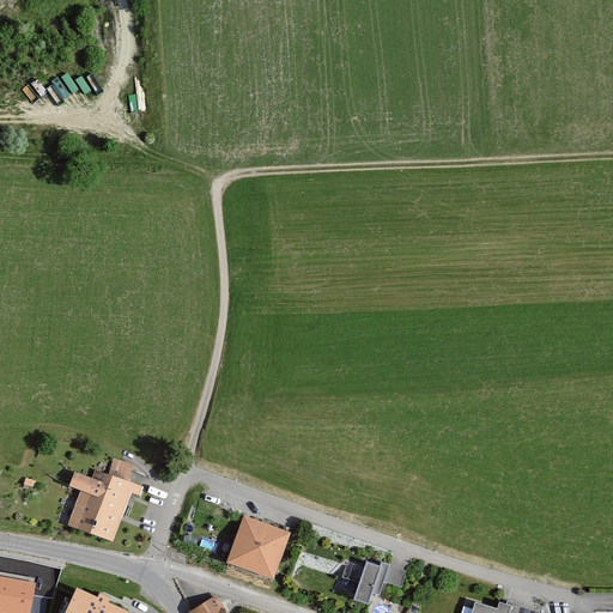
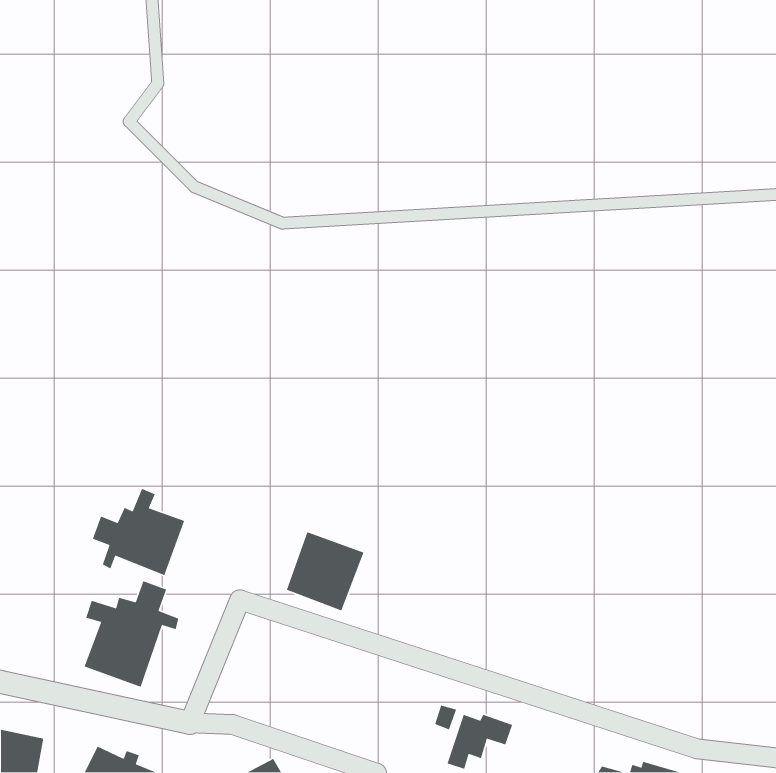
building: none -> [92,488,185,576]
building: [226,517,289,581] -> [286,531,365,612]

